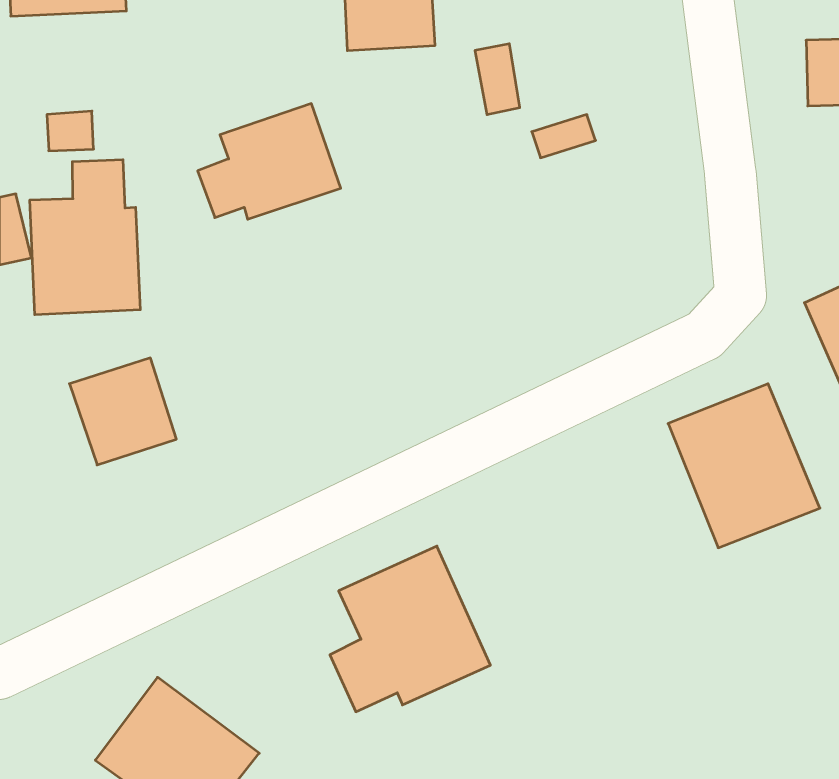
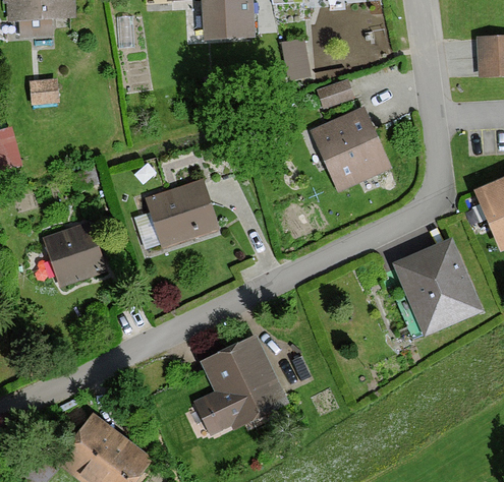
building: [198,104,341,219] -> [132,179,217,247]
building: none -> [307,106,390,191]
building: [30,160,140,315] -> none

